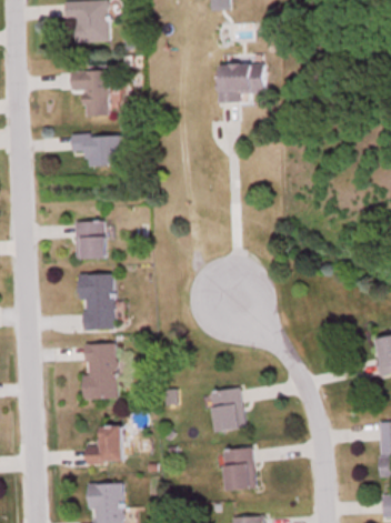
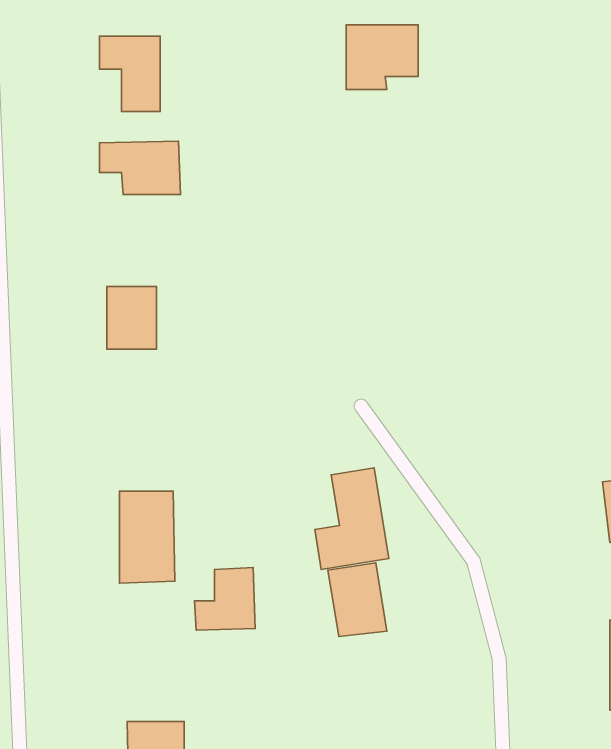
building: [80,274,113,329] -> none
building: none -> [315,468,389,569]
building: [86,425,122,463] -> [194,568,255,630]
building: [221,446,255,492] -> none

